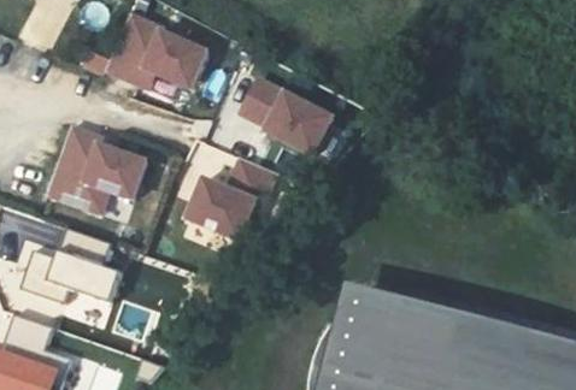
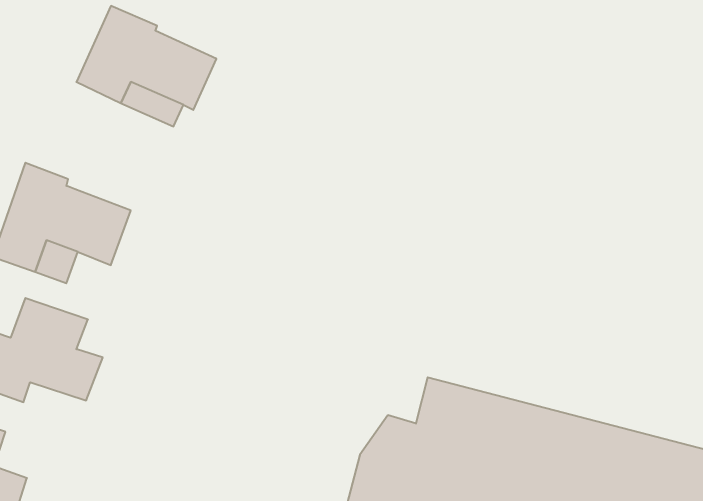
building: [240,77,333,158] -> none
building: [190,158,276,240] -> none

